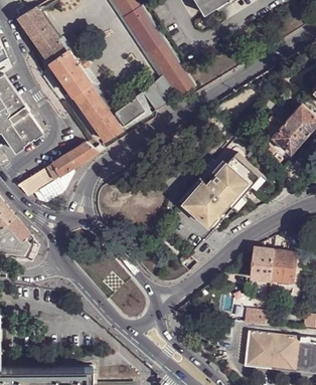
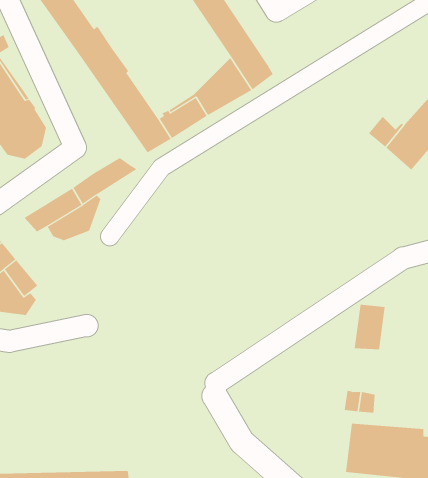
building: [184,153,262,226] -> none
building: [269,249,296,282] -> none

